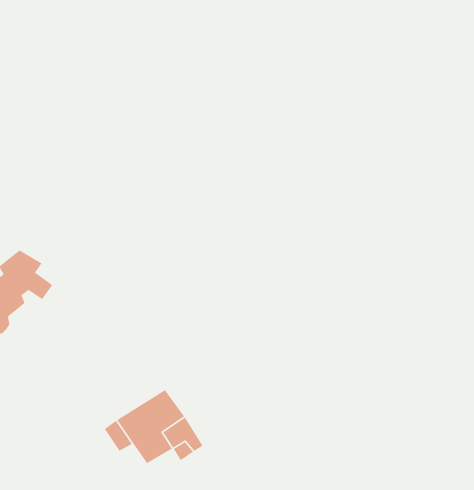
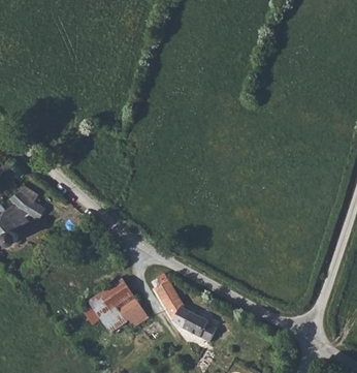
building: none -> [153,273,216,343]

